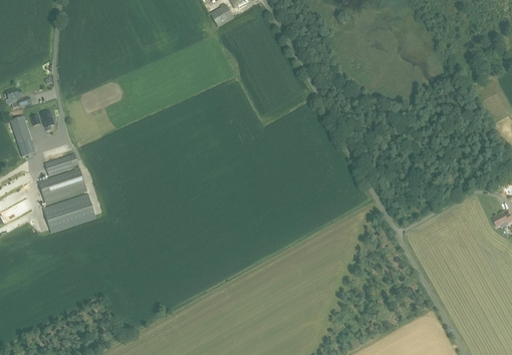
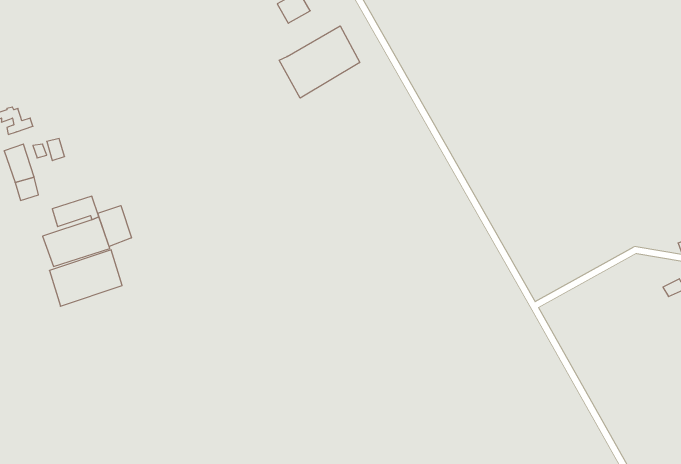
building: none -> [279,26,360,98]
building: none -> [98,206,131,246]

